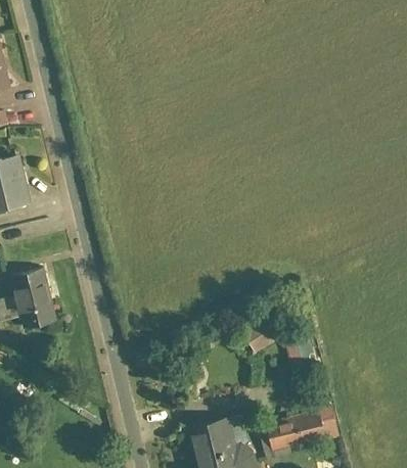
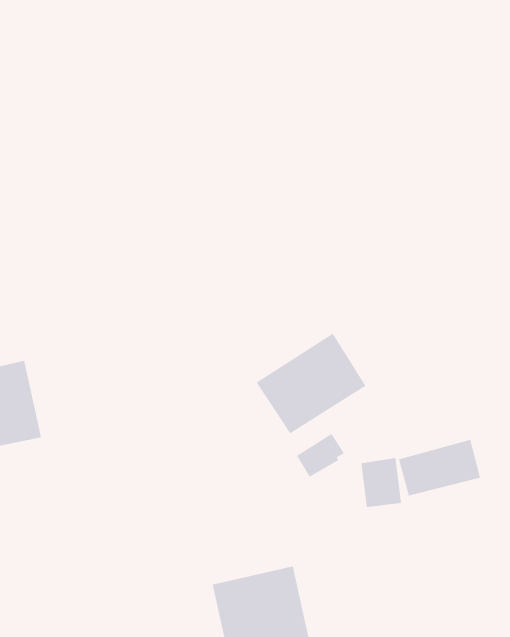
building: none -> [256,333,366,434]
building: [266,411,325,452] -> [398,439,481,496]

